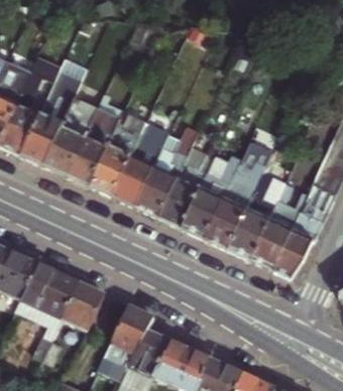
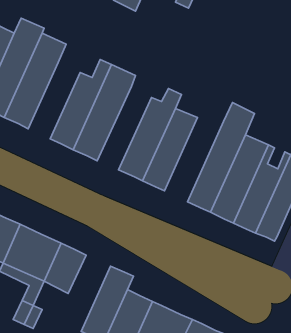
building: [45,99,98,175] -> none
building: [115,123,169,207] -> none
building: [183,147,242,239] -> none

